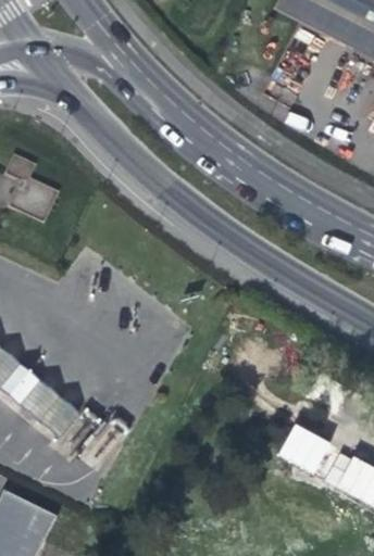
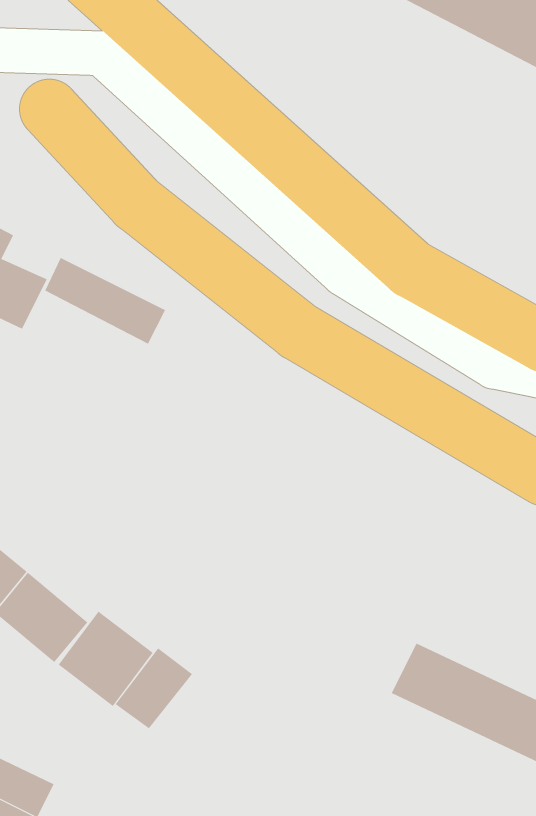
building: none -> [44,257,166,345]
building: none -> [115,647,193,729]

